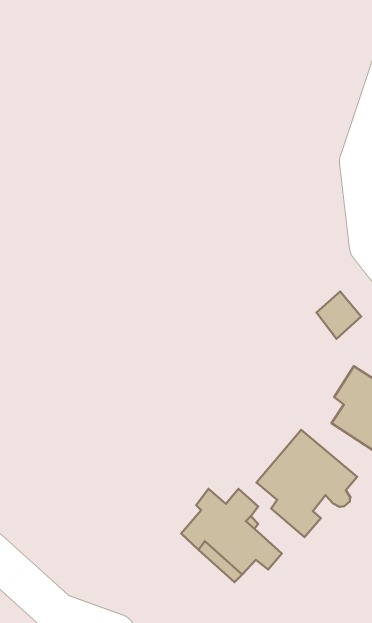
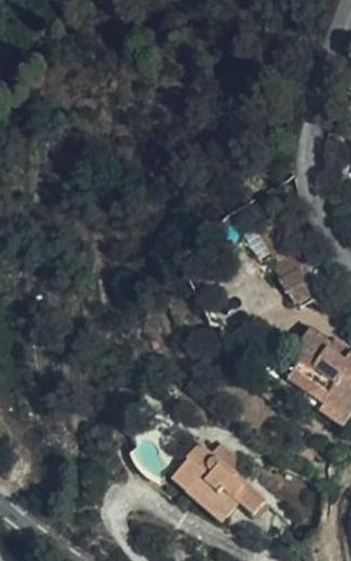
building: [256,430,357,537] -> none

